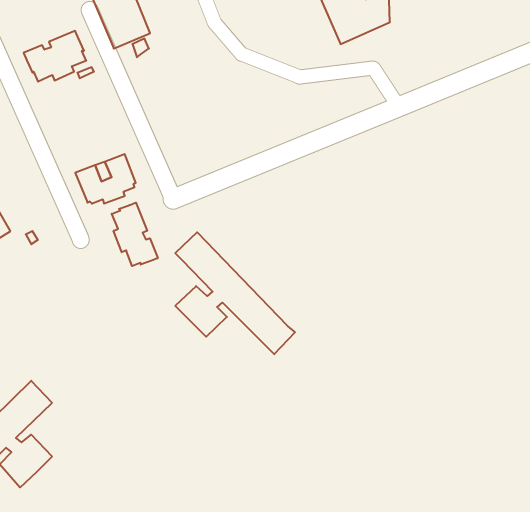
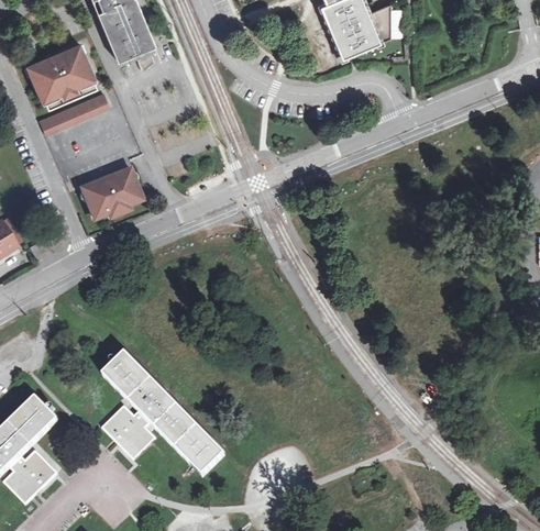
building: none -> [40,90,109,133]
building: [112,203,158,266] -> none
building: [175,232,295,354] -> [102,352,222,474]

